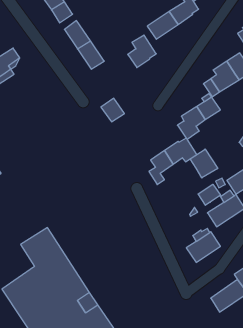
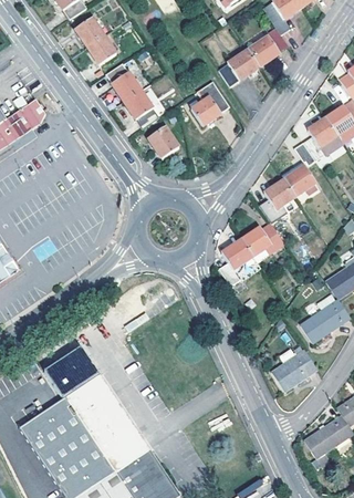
building: [101,98,124,122] -> [147,126,179,158]
building: [190,149,218,178] -> none
building: [198,184,220,205] -> none

